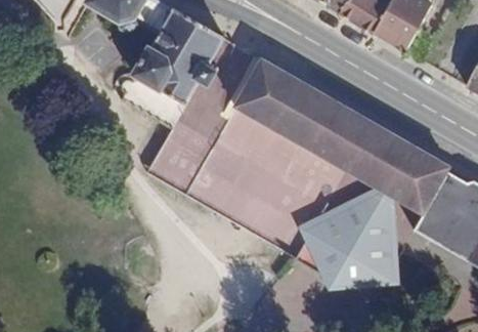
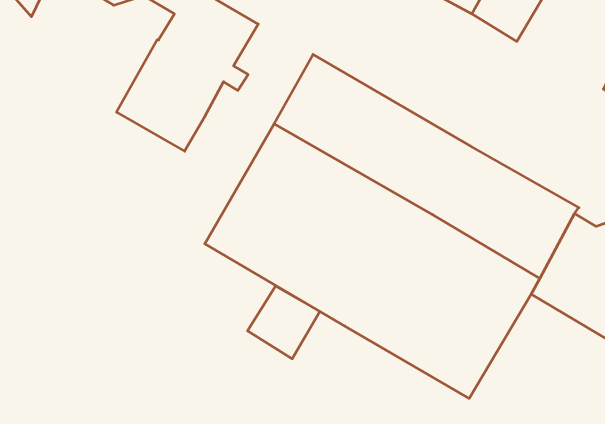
building: [148,37,263,193] -> none
building: none -> [248,286,320,359]

